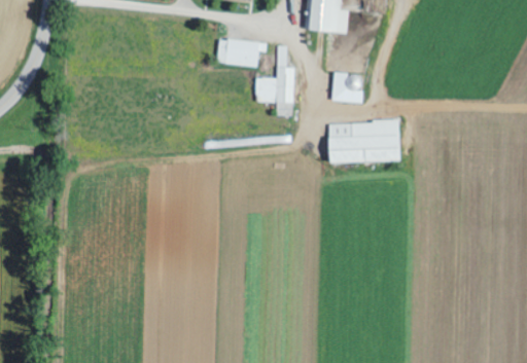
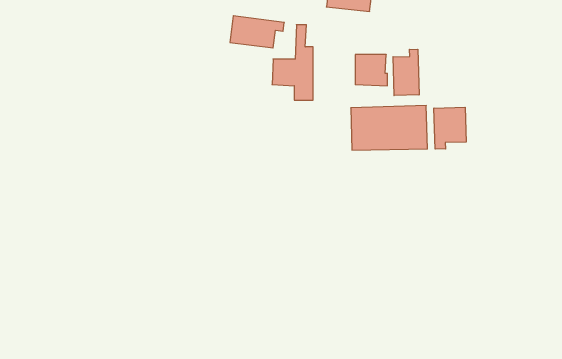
building: none -> [393,49,419,96]
building: none -> [434,107,466,149]

